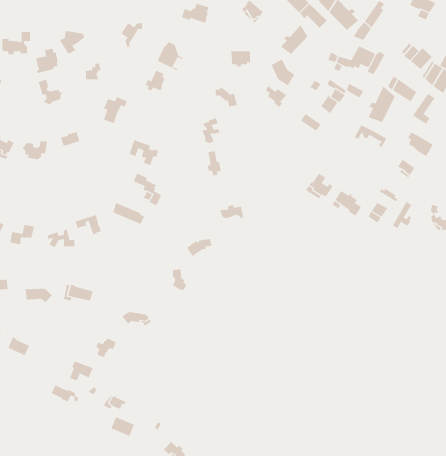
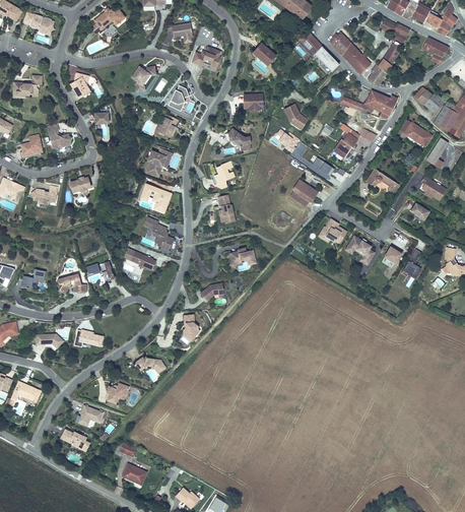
building: [280,24,308,55] -> none
building: [35,48,58,73] -> [19,134,43,159]
building: [368,85,395,123] -> none
building: [103,97,128,124] -> [147,148,172,176]
building: none -> [290,179,318,206]

